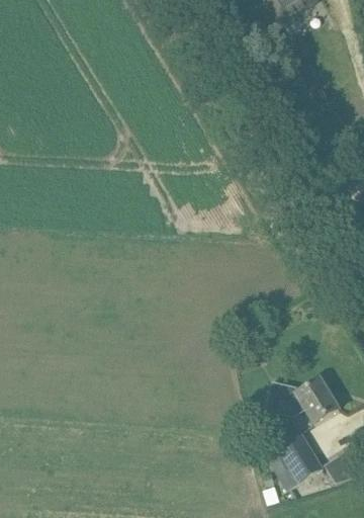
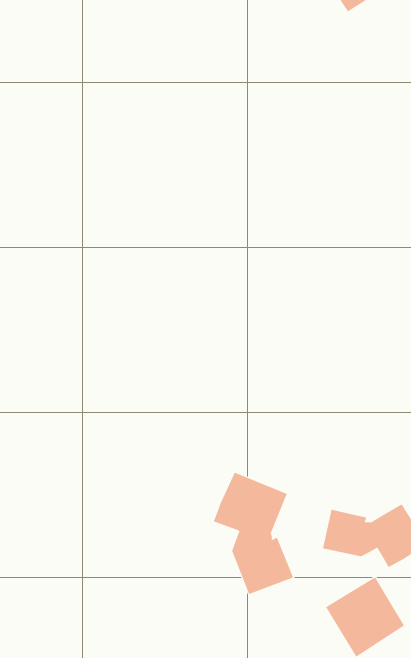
building: none -> [213,472,294,595]

